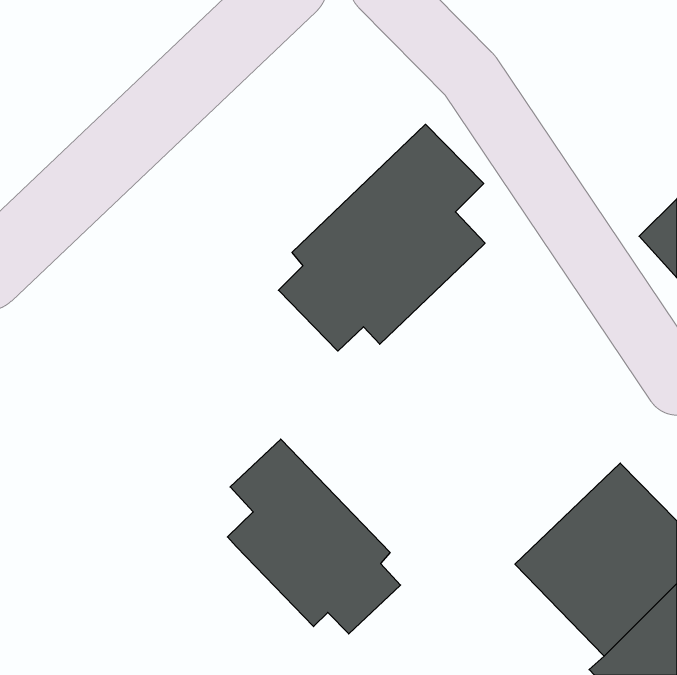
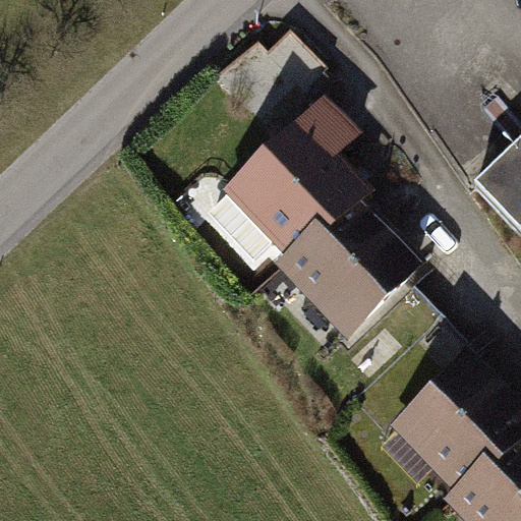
building: none -> [275,191,425,346]
building: [227,439,401,634] -> none

